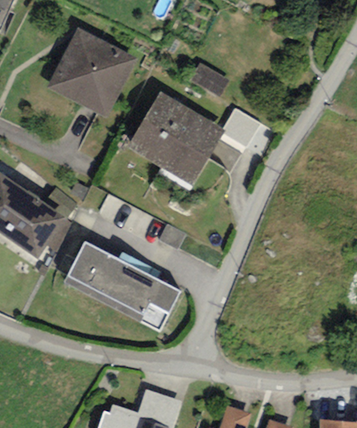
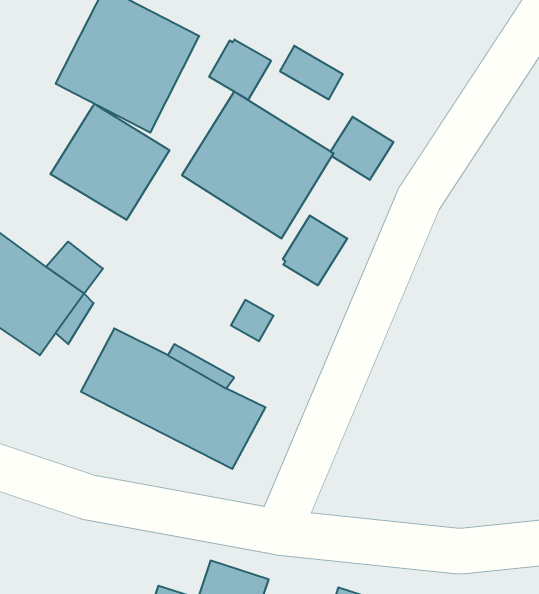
building: none -> [209,39,271,100]
building: none -> [50,104,169,220]
building: none -> [283,215,347,285]

